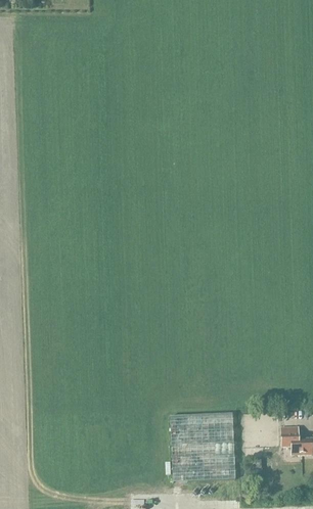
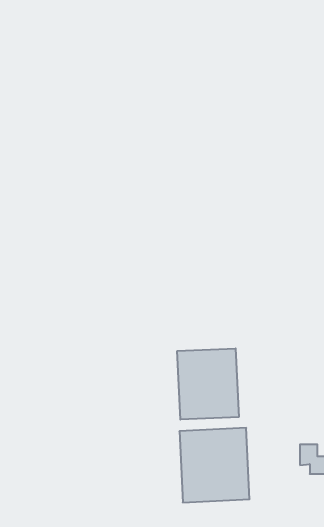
building: none -> [177,348,239,420]

